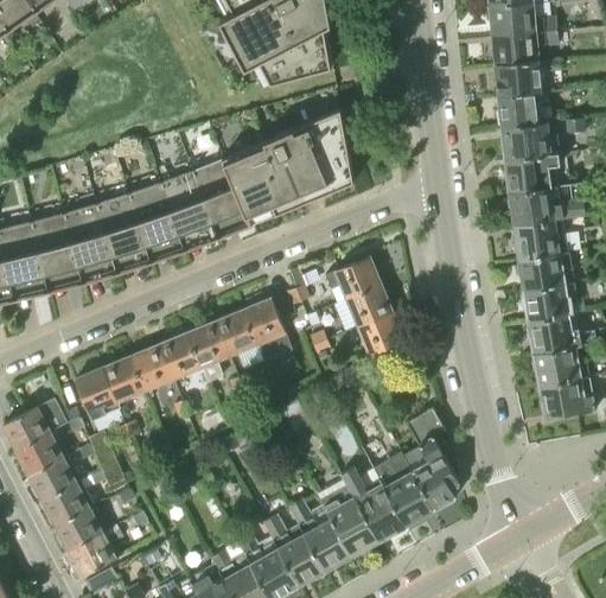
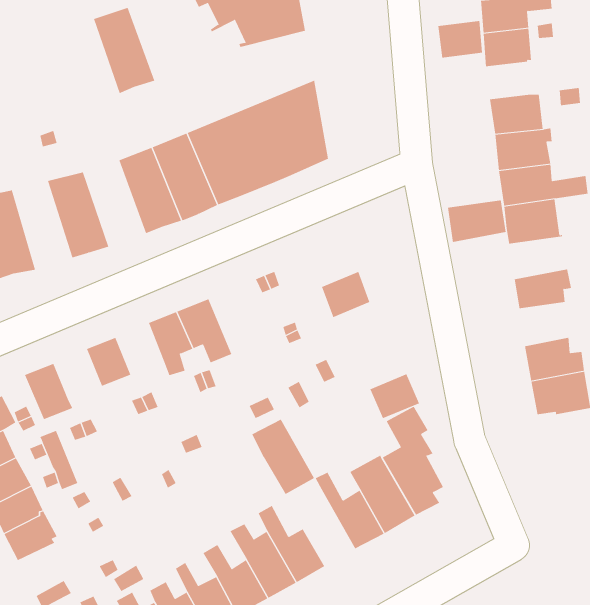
building: [496,93,537,127] -> [437,21,483,58]
building: [127,183,184,262] -> [93,7,155,94]
building: [62,202,116,284] -> none
building: [517,253,572,292] -> [447,200,507,243]
building: [324,256,379,299] -> none
building: [242,298,291,361] -> none
building: [527,312,586,354] -> none
building: [356,313,402,355] -> [369,374,420,419]
building: [157,332,200,380] -> none
building: [100,356,143,403] -> none
building: [318,485,376,555] -> [251,419,315,495]
building: [66,524,121,577] -> none

